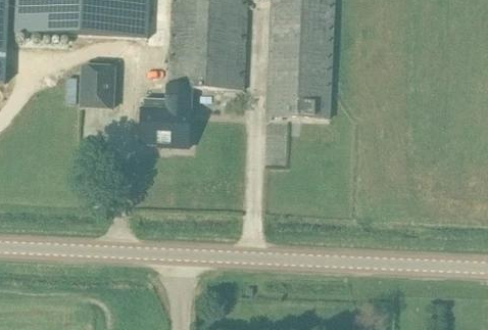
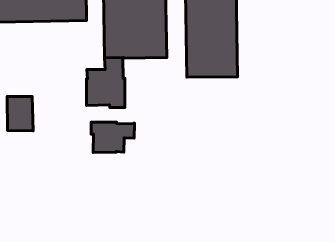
building: [81,63,113,107] -> [7,96,33,131]
building: none -> [91,122,134,152]

